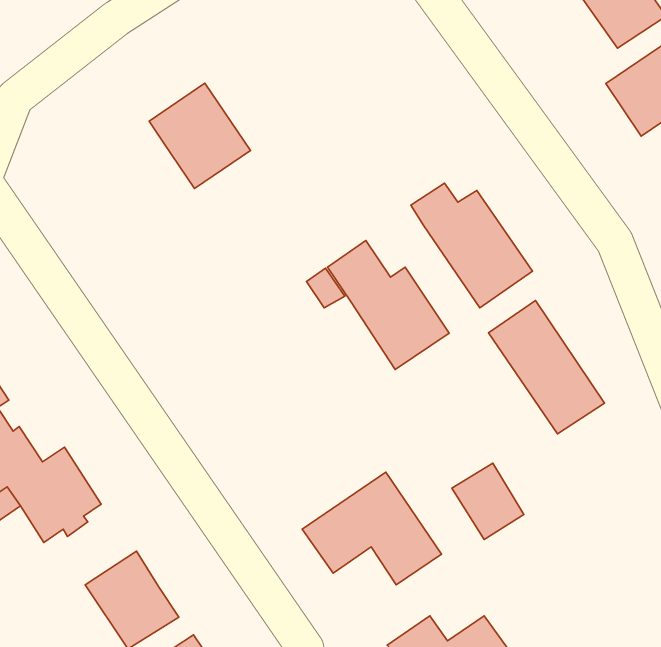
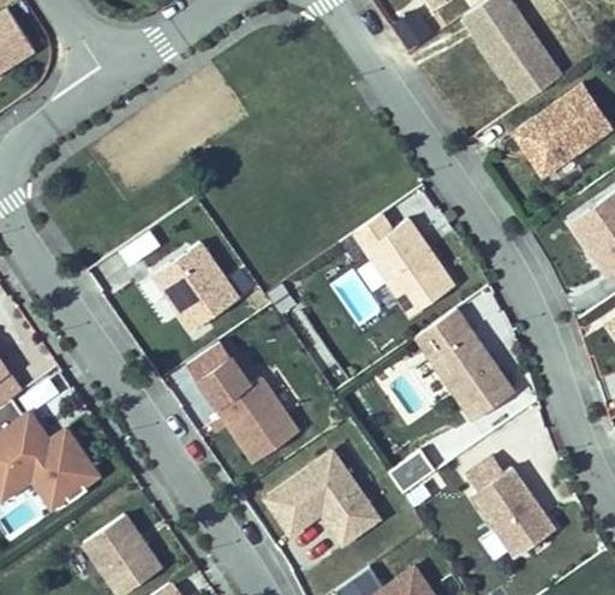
building: [149,83,250,189] -> [155,242,238,328]
building: [328,241,449,370] -> [197,358,297,464]
building: none -> [462,456,547,555]

